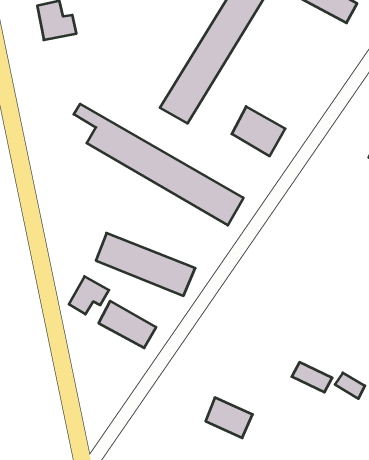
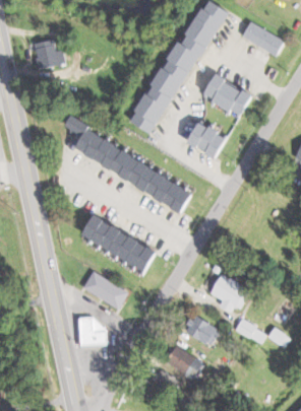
building: none -> [202,75,253,118]
building: [69,276,109,314] -> none
building: none -> [200,270,247,315]
building: none -> [78,315,107,346]
building: none -> [183,315,218,345]

